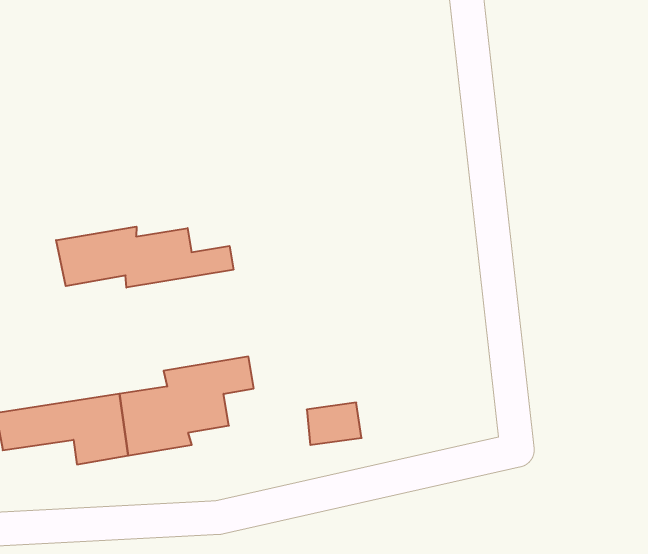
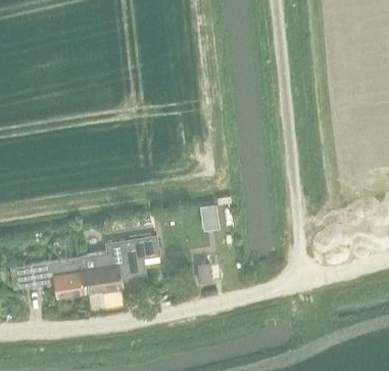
building: [56,227,233,288] -> none

